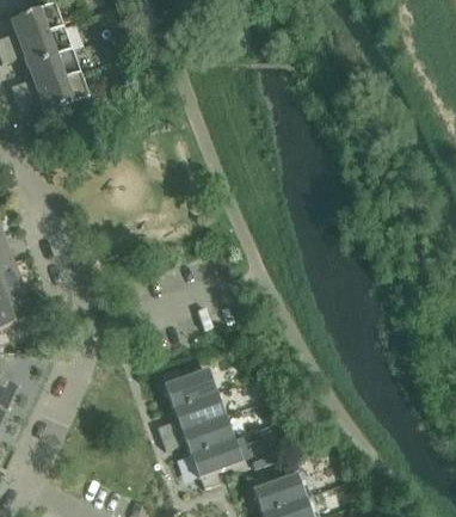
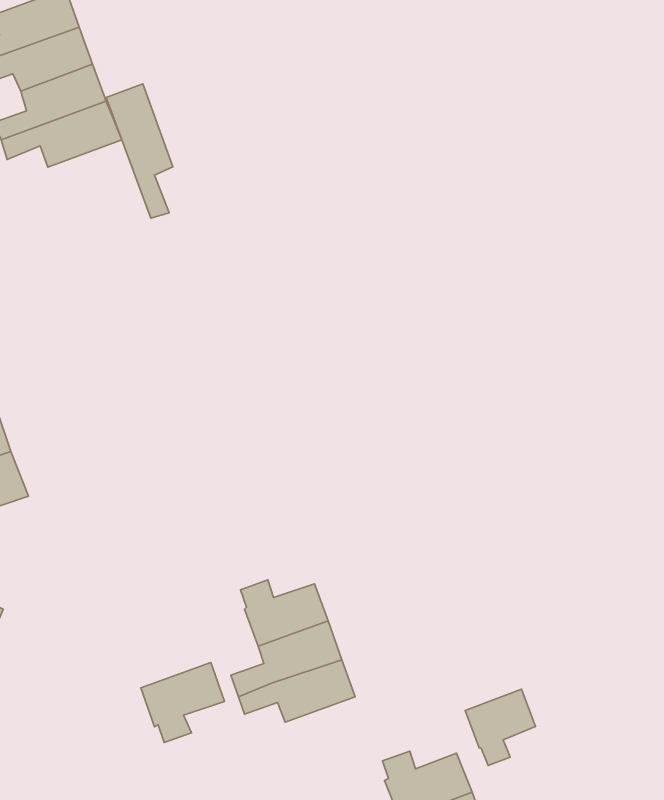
building: none -> [106,84,173,218]
building: none -> [465,689,535,766]
building: [191,435,242,484] -> [141,663,224,742]

